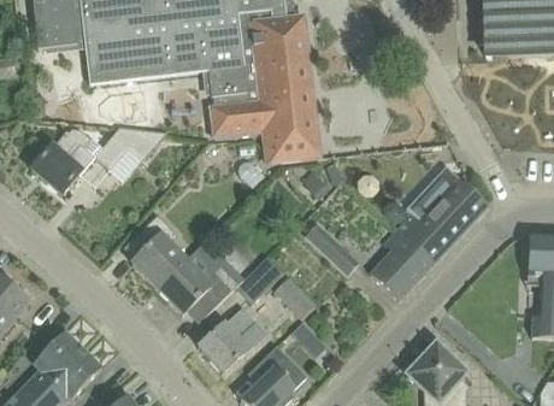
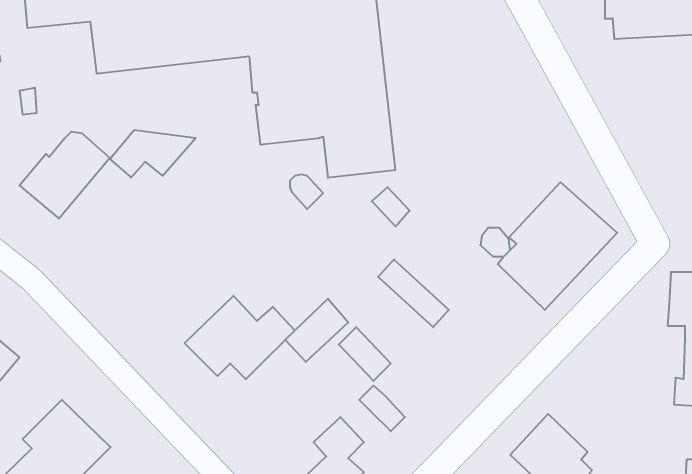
building: [130,213,195,288] -> none
building: [370,228,434,300] -> none
building: [199,306,266,371] -> none

